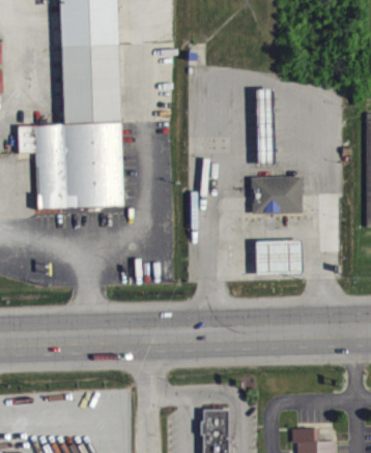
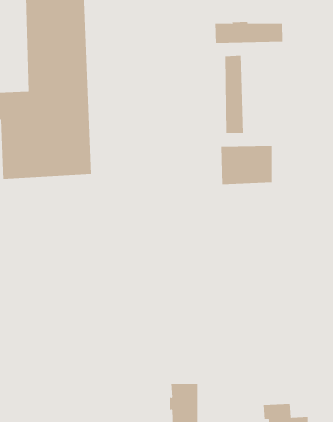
building: none -> [215,21,283,44]
building: [254,240,301,275] -> none

